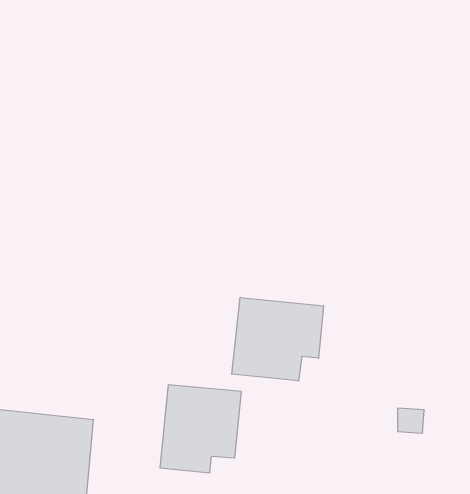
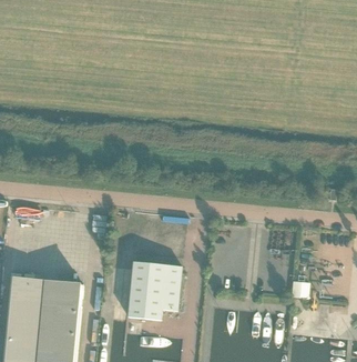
building: [232,297,324,381] -> none

